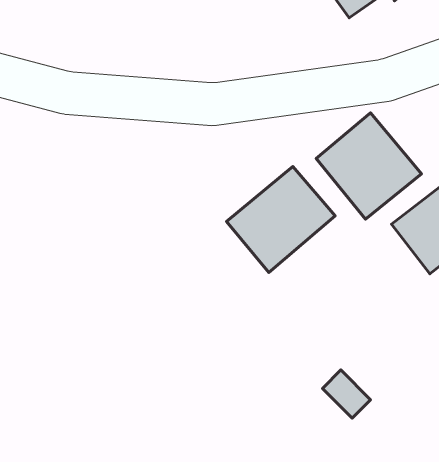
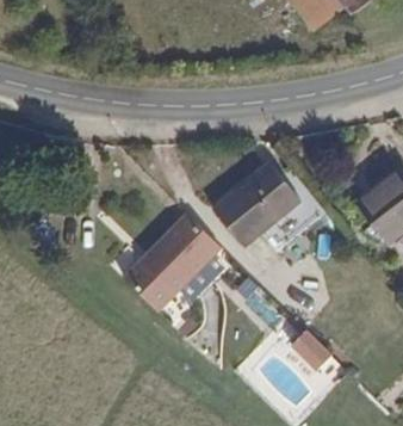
building: [316,113,421,219] -> none
building: none -> [126,214,223,308]

